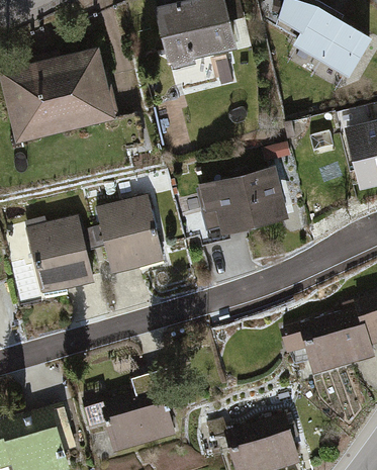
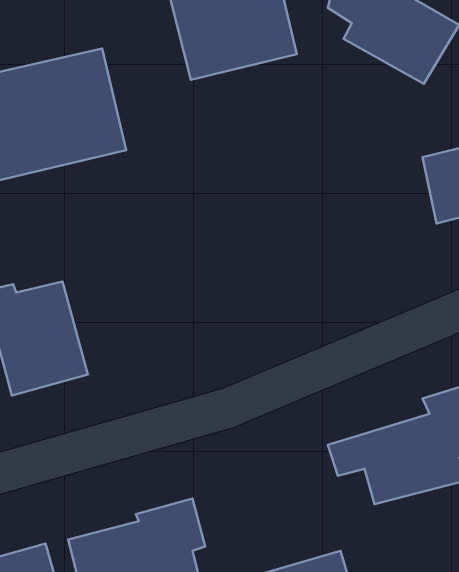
building: [191,160,279,239] -> none
building: [92,190,168,277] -> none

